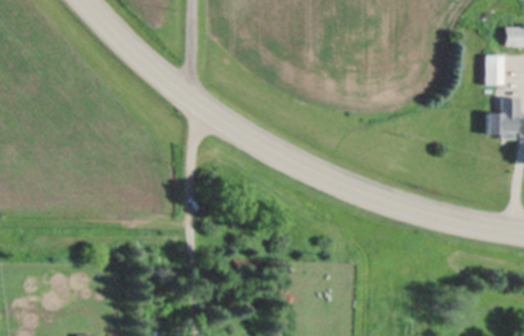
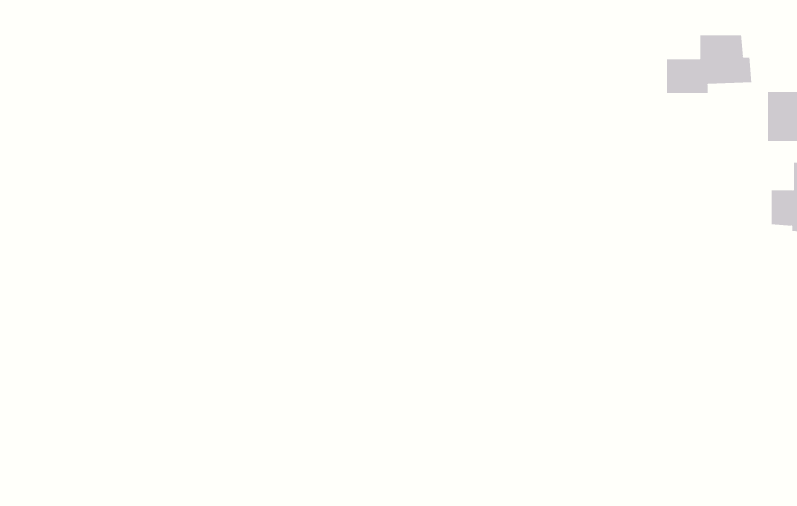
building: none -> [667,34,752,94]

